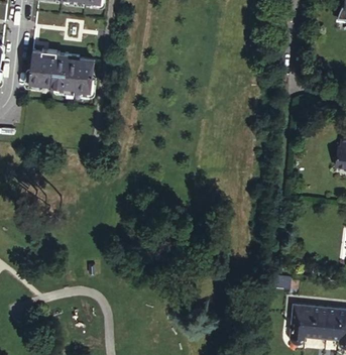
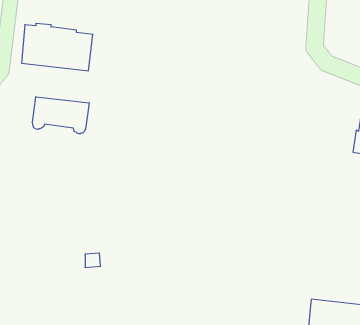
building: none -> [32,97,89,134]

